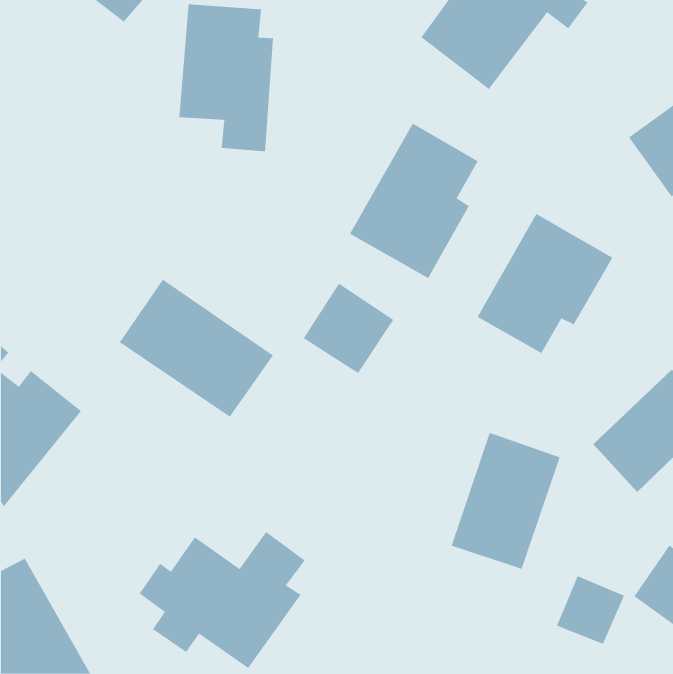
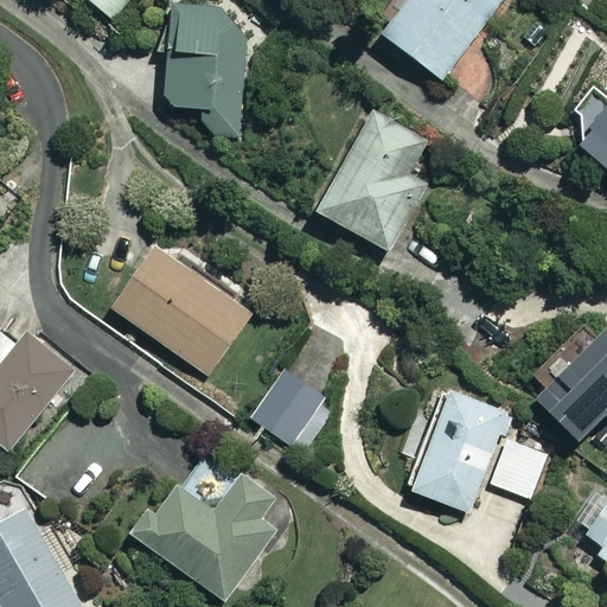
building: [477,213,613,354] -> none
building: [303,283,394,374] -> [251,368,333,449]
building: [556,576,625,644] -> [491,437,552,499]

